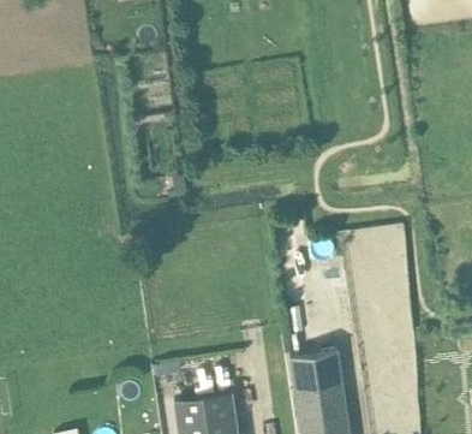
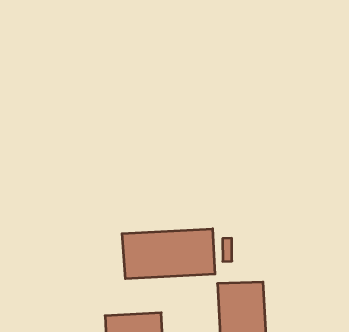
building: none -> [122,229,215,279]

